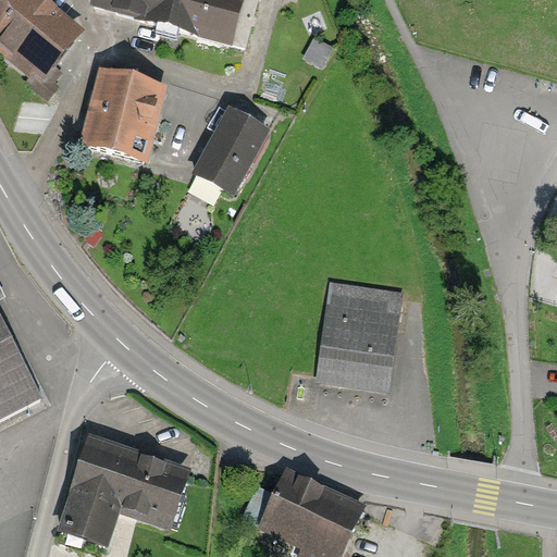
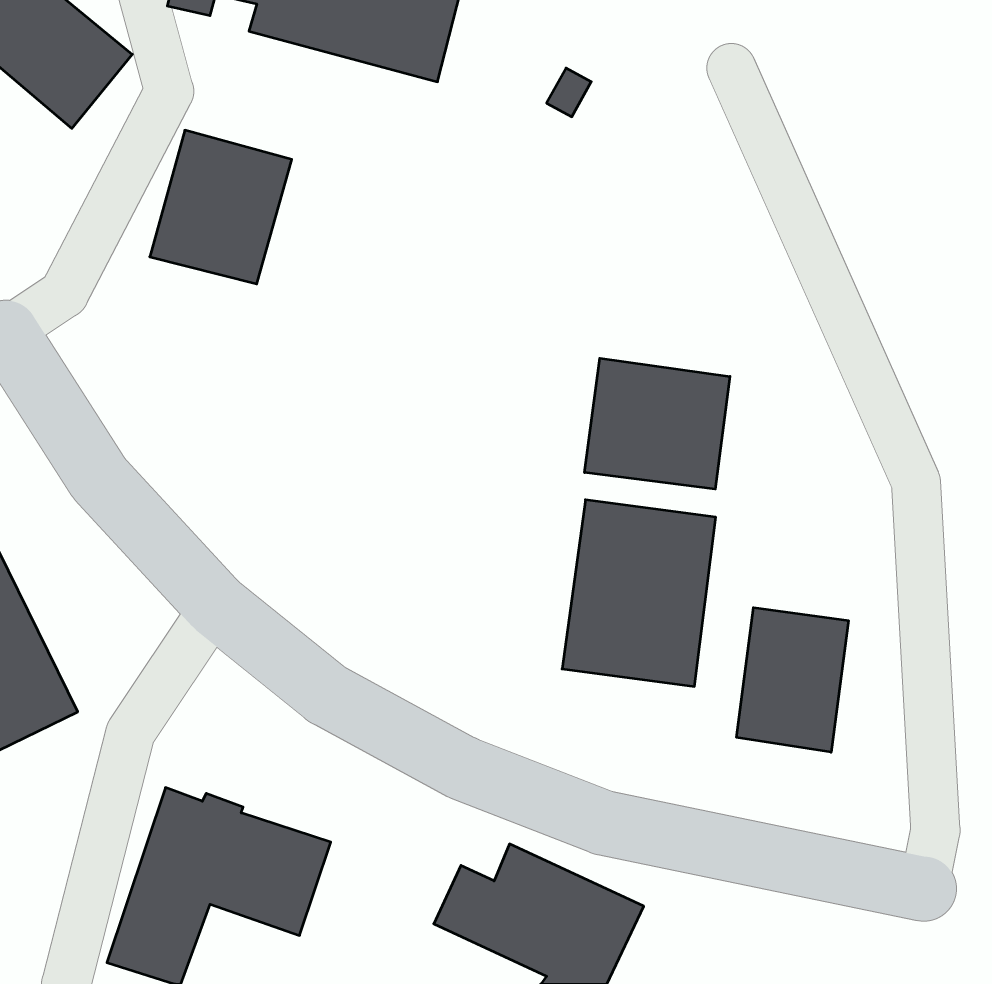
building: [196,111,267,194] -> none
building: none -> [585,358,730,489]
building: none -> [737,608,848,752]

